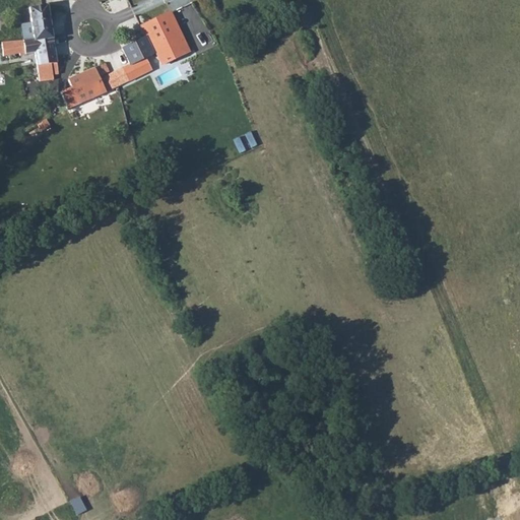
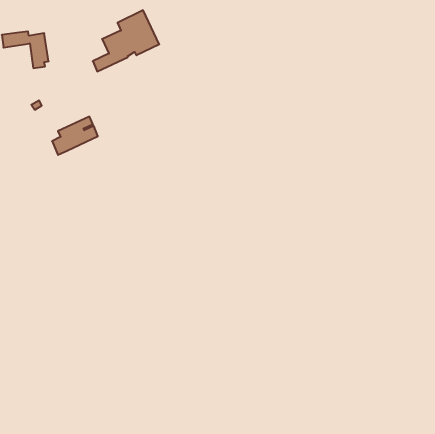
building: [21,5,53,43] -> none
building: [61,62,116,108] -> [52,117,98,155]

